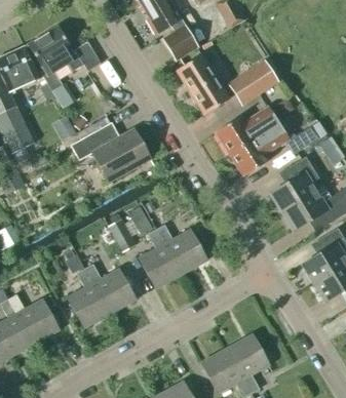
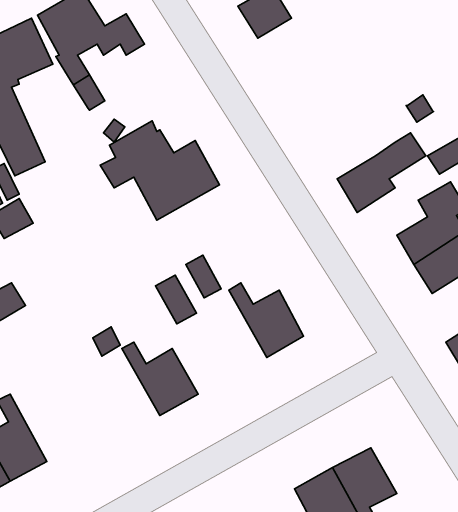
building: [177,54,230,115] -> none
building: [228,58,278,104] -> none
building: [216,109,279,154] -> none
building: [140,229,183,288] -> none
building: [68,268,111,327] -> none
building: [10,294,60,344] -> none

